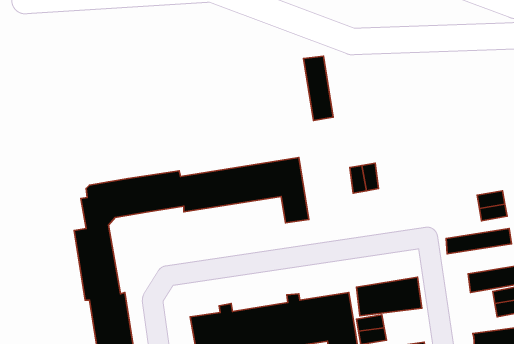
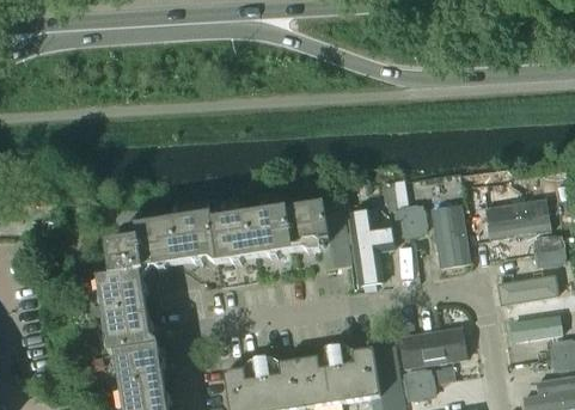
building: [303,56,333,120] -> [351,215,384,284]
building: none -> [489,201,557,240]
building: none -> [442,204,473,269]

